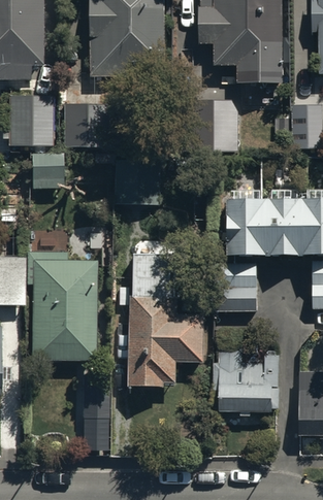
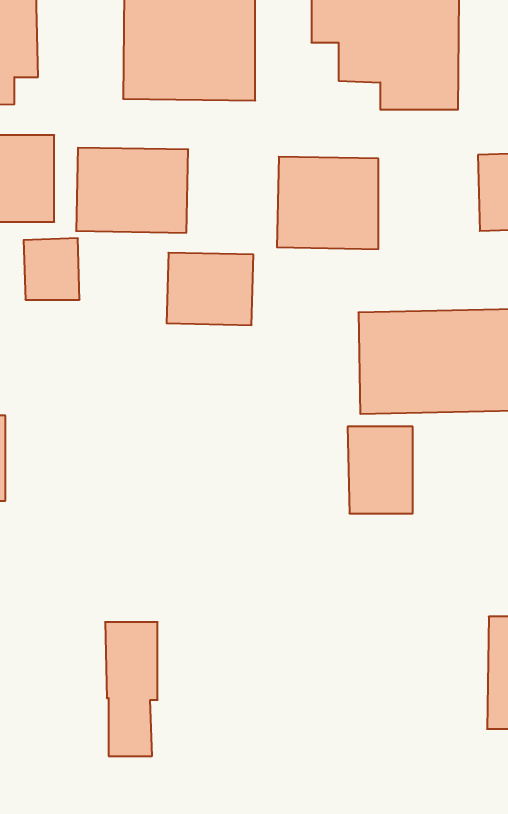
building: [27,249,96,359] -> none
building: [129,252,203,386] -> none
building: [215,351,280,412] -> none

